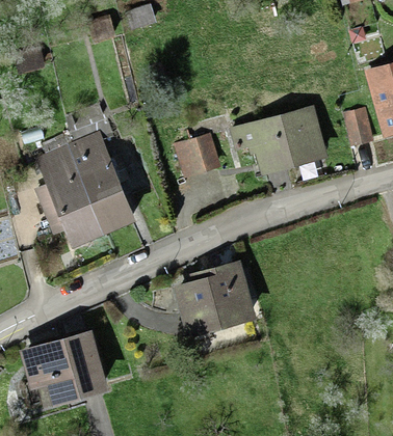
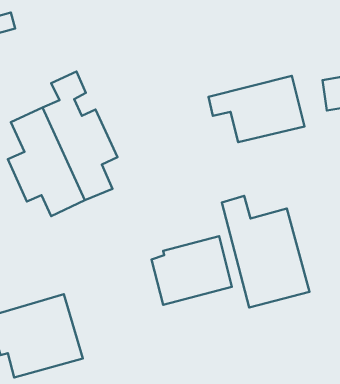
building: [176,137,216,172] -> none
building: none -> [222,196,310,307]

